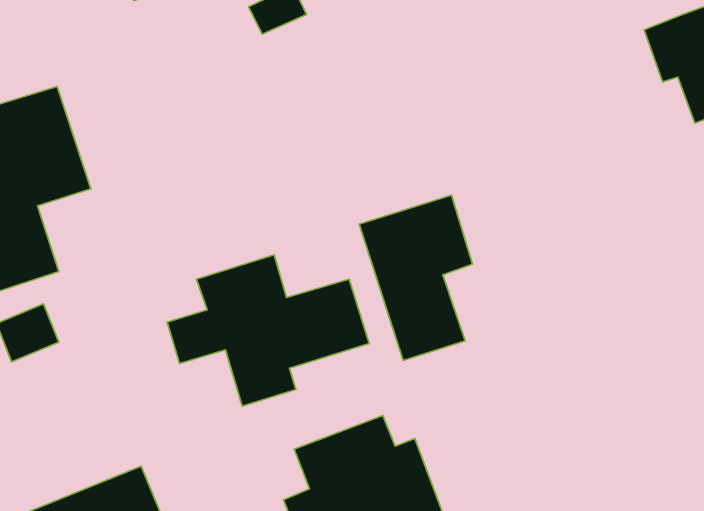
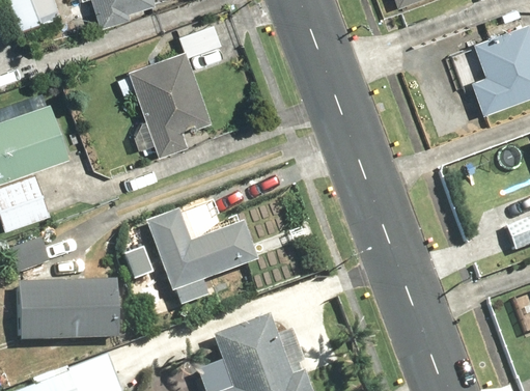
building: none -> [124,52,210,158]
building: [359,195,472,361] -> none
building: none -> [18,279,120,340]

